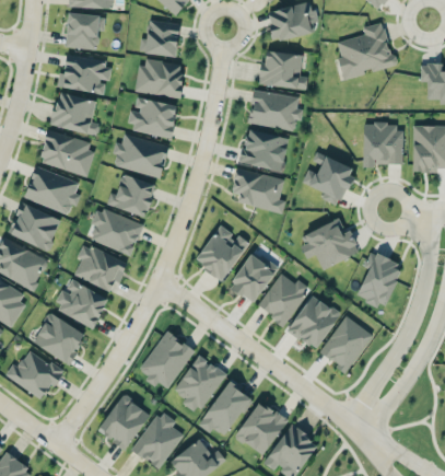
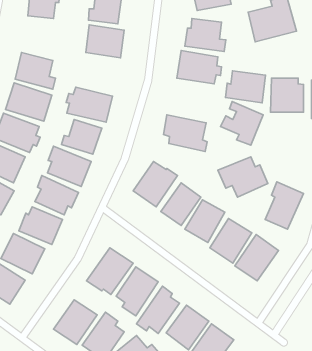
building: [57,56,113,94] -> none
building: [129,97,178,138] -> none
building: [238,131,288,171] -> [225,71,266,103]

